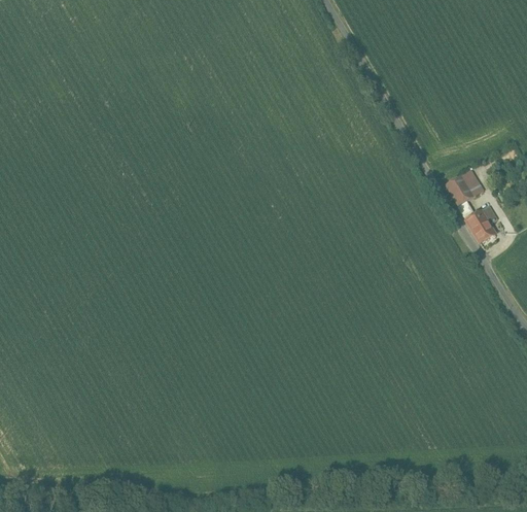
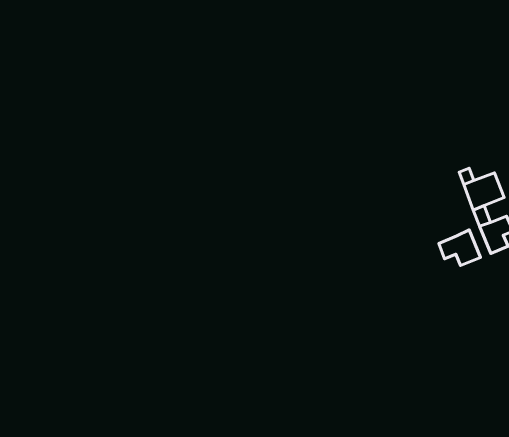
building: none -> [439,230,480,266]

